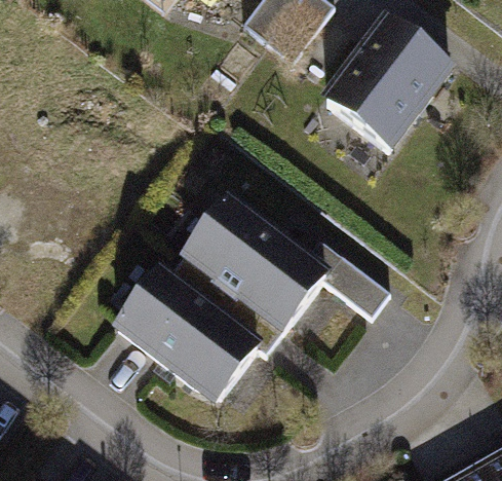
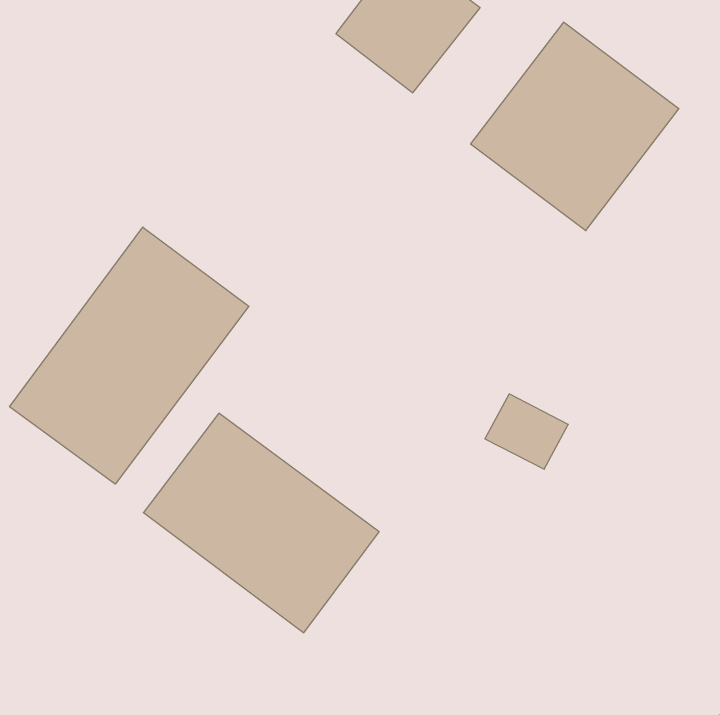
building: none -> [10,227,249,484]
building: [180,193,331,334] -> none

